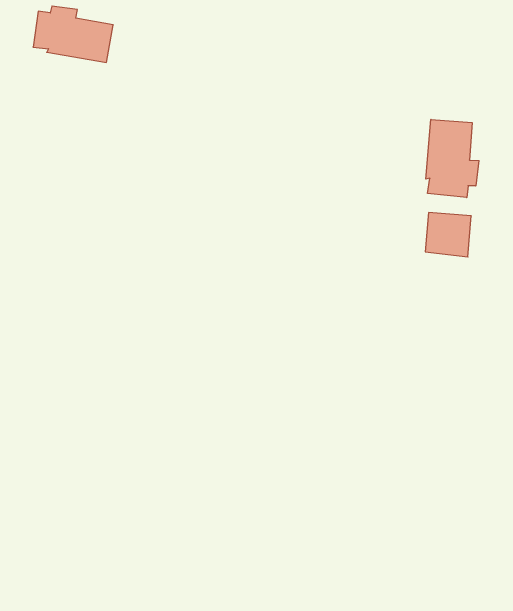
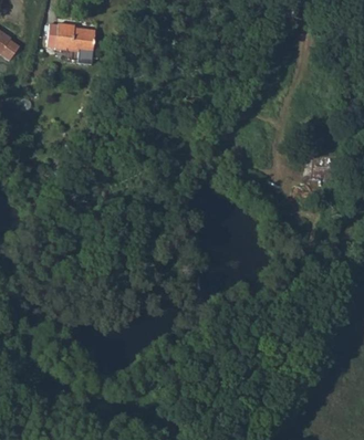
building: [426,119,479,198] -> none

